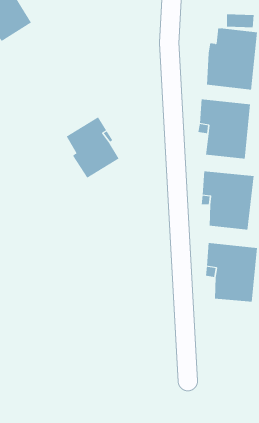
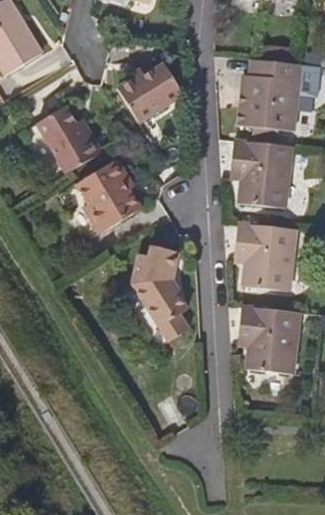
building: none -> [117,61,183,121]
building: none -> [37,105,104,172]
building: none -> [132,245,189,341]

